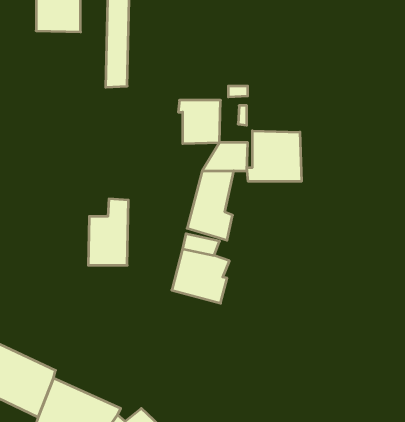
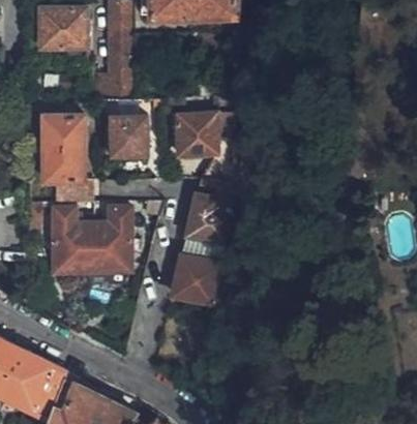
building: none -> [42,109,92,201]
building: none -> [115,119,149,156]
building: [247,131,301,181] -> none
building: none -> [53,209,92,272]

